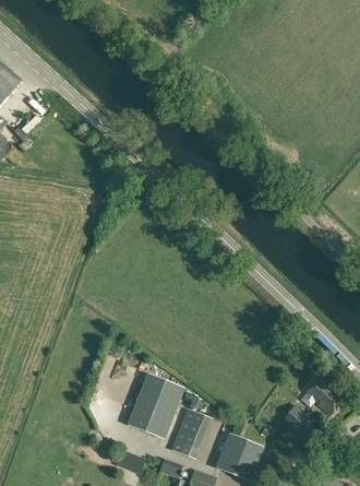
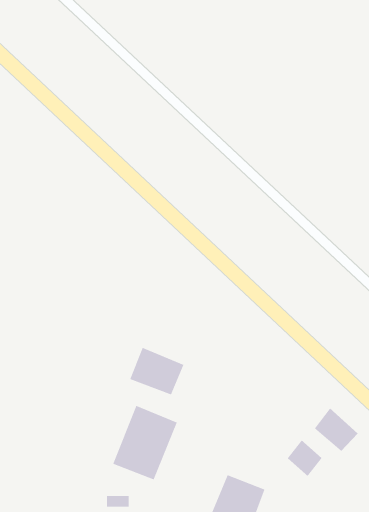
building: none -> [129,347,184,396]
building: [170,408,213,460] -> none

